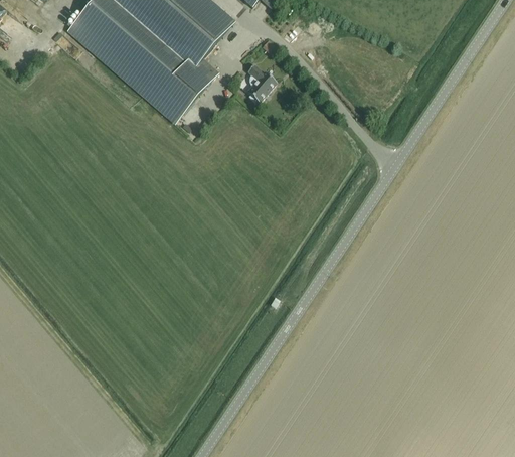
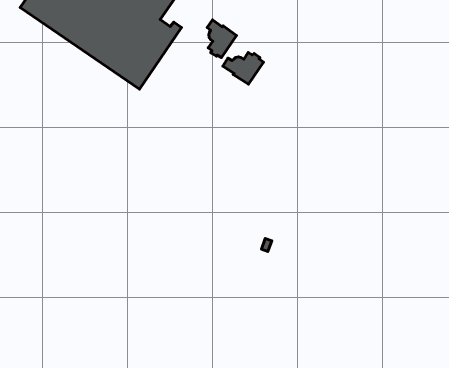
building: none -> [223,52,264,84]

